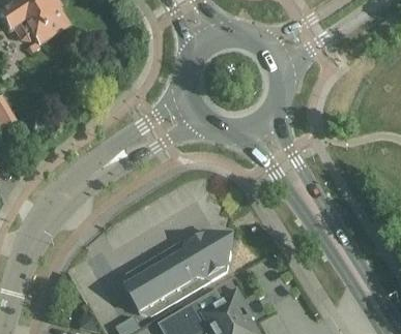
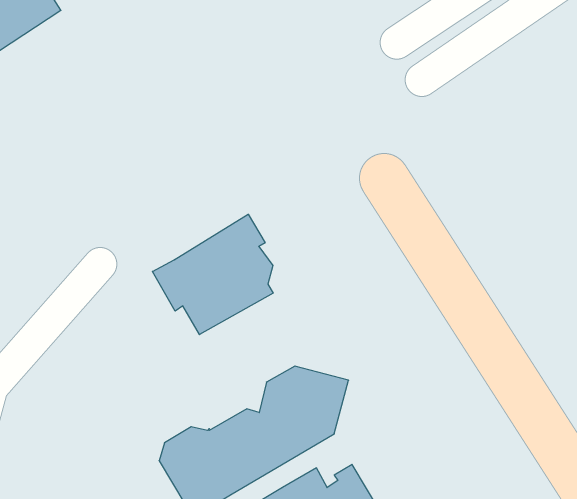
building: none -> [152,214,273,335]

